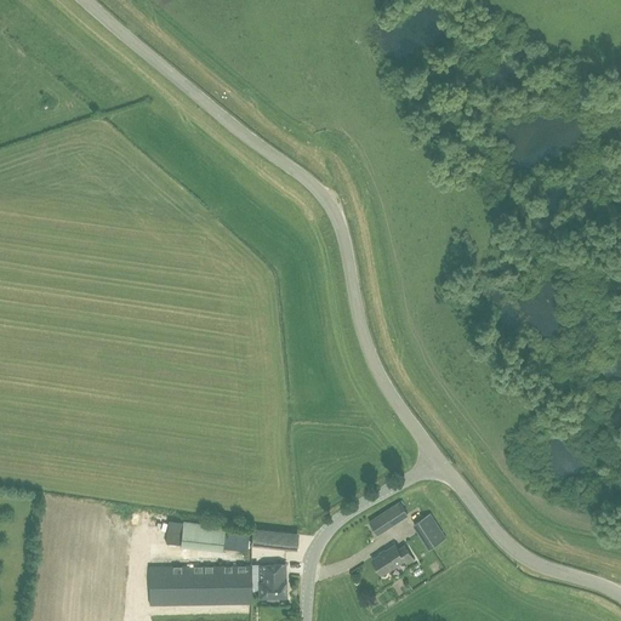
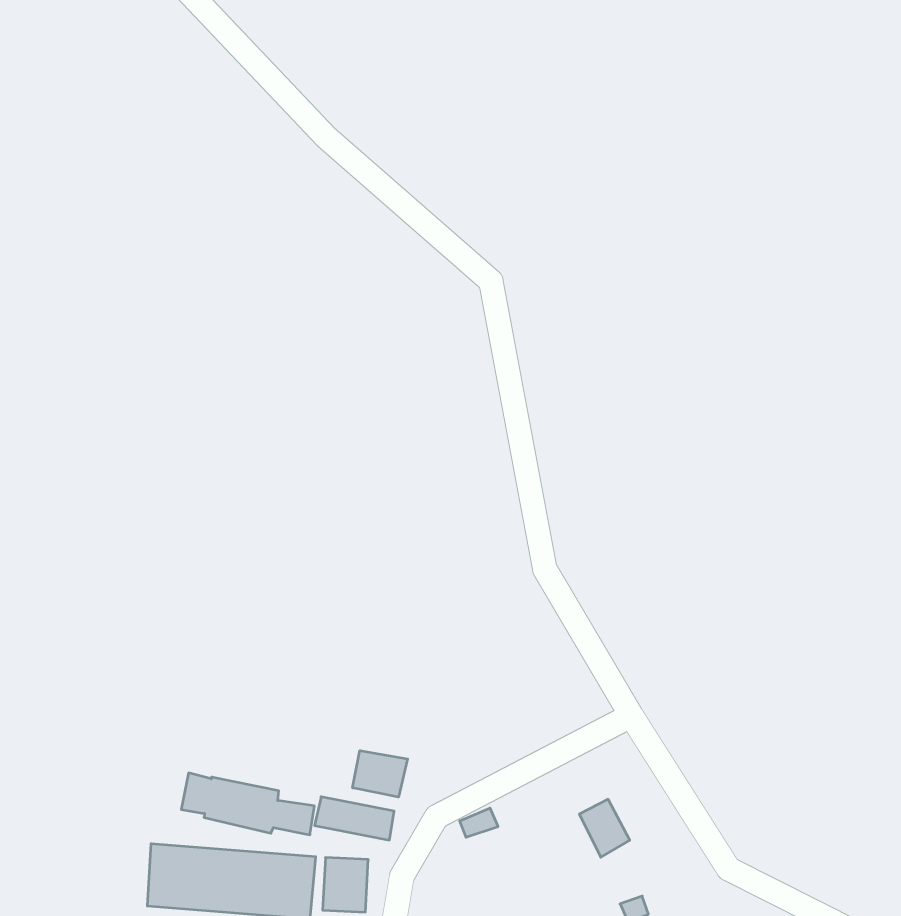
building: none -> [353,751,408,797]
building: [369,501,409,535] -> none
building: [372,545,415,576] -> none

